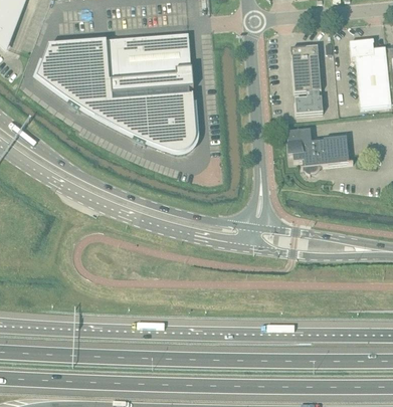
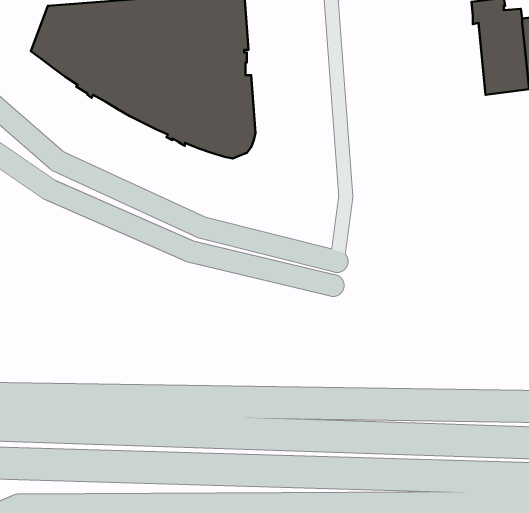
building: [290,44,323,112] -> none
building: [286,127,353,173] -> none

